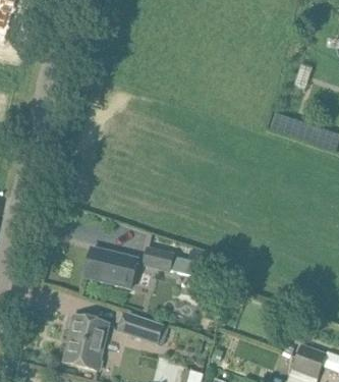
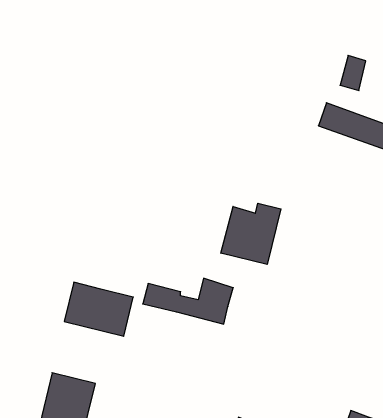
building: none -> [221,203,281,264]
building: [117,312,167,343] -> none

